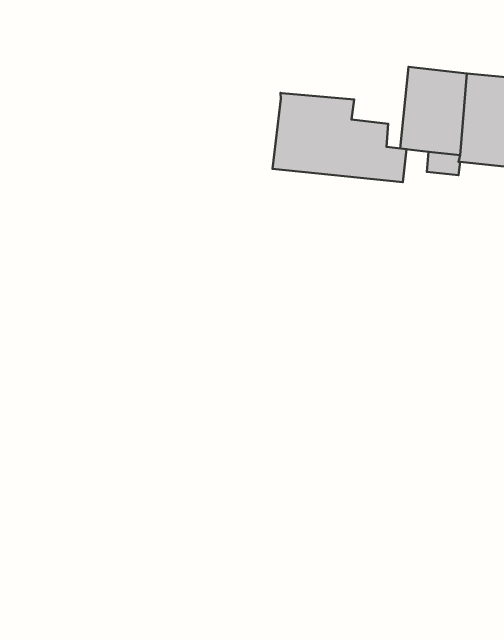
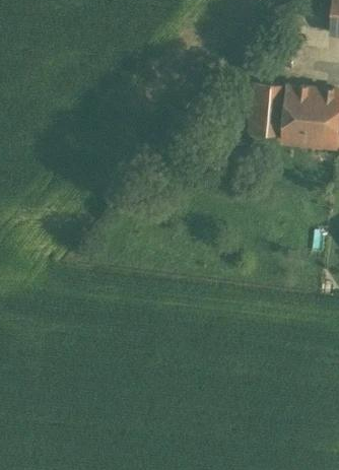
building: [273,93,406,182] -> none

